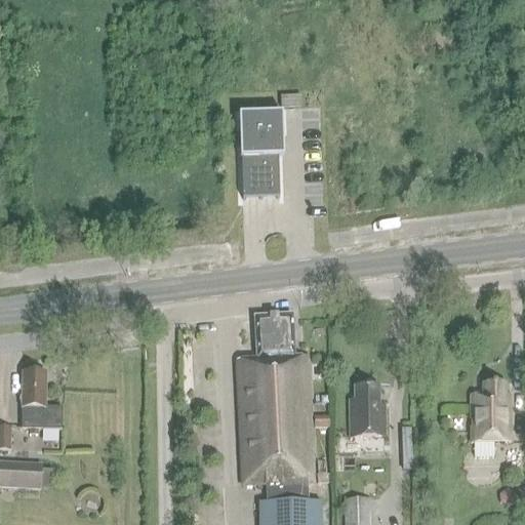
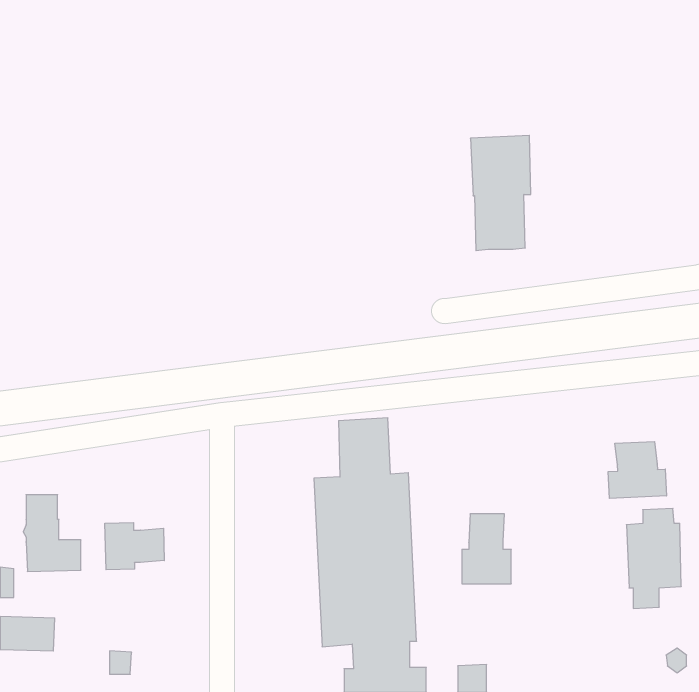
building: [239,110,284,196] -> [470,135,531,251]
building: none -> [608,442,666,498]
building: none -> [105,523,164,570]

